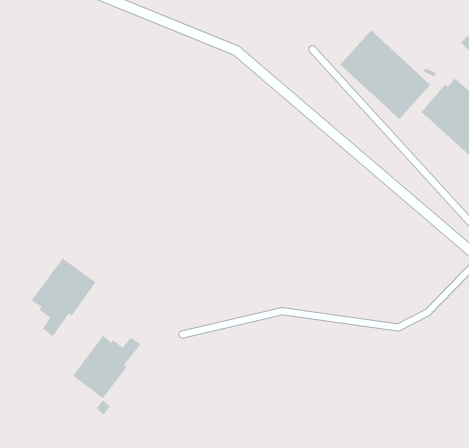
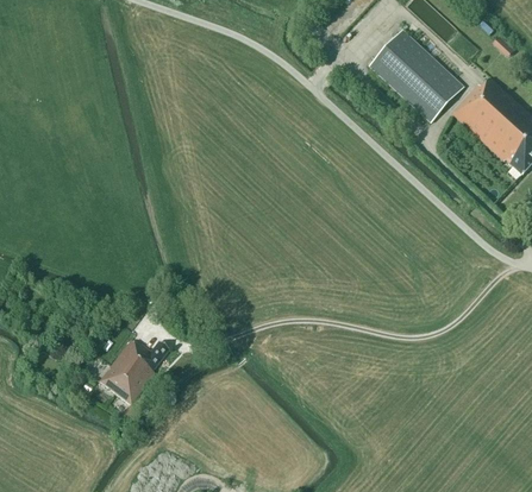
building: [30,258,97,337] -> none

